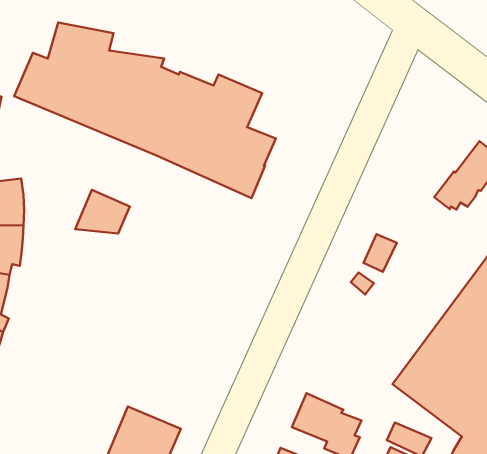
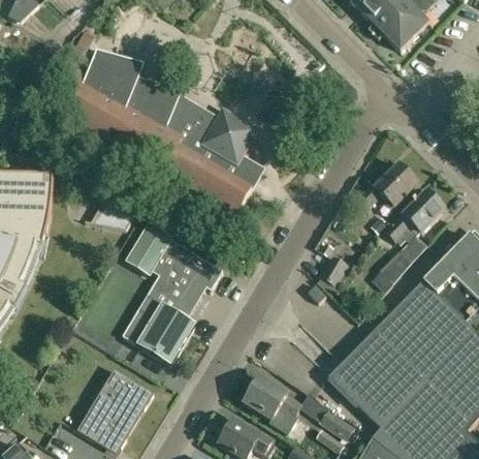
building: none -> [356,162,418,207]
building: none -> [379,249,412,283]
building: none -> [123,221,224,364]

